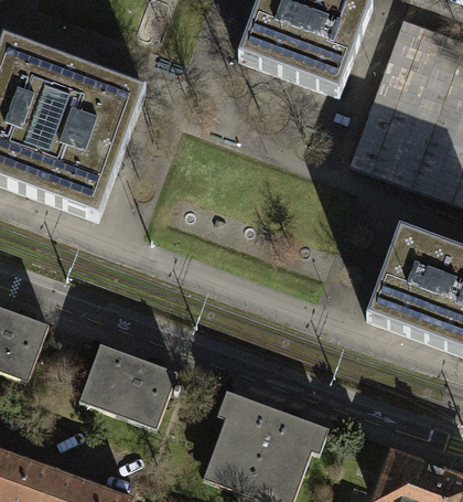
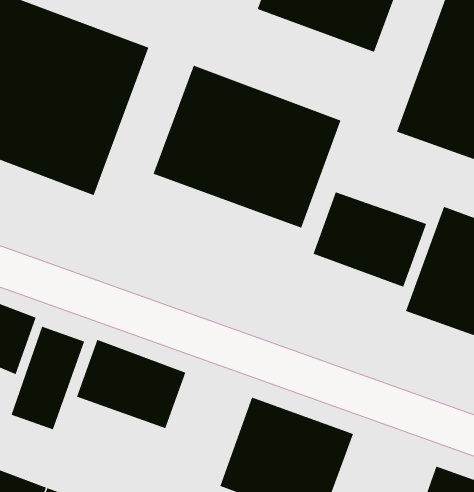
building: none -> [153,65,341,229]
building: none -> [313,191,427,287]
building: none -> [11,326,85,430]

